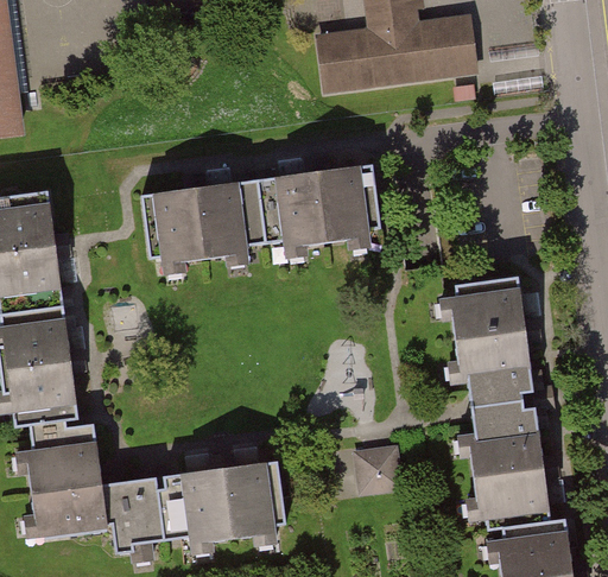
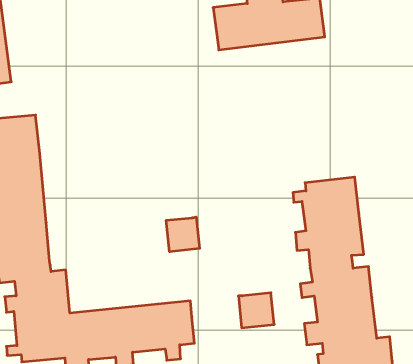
building: [124,163,386,278] -> none
building: none -> [166,217,200,252]

